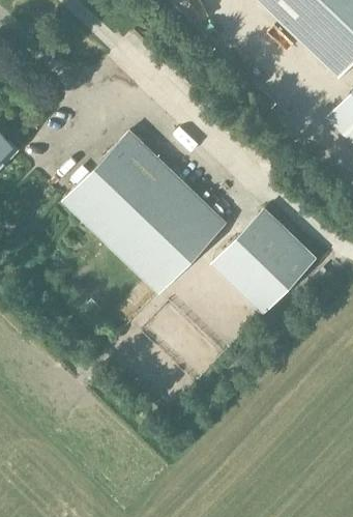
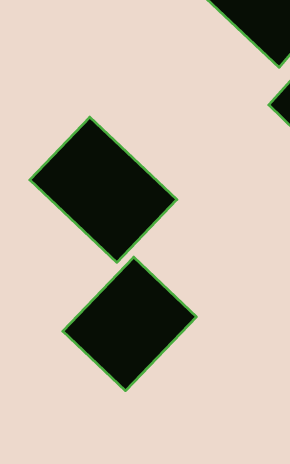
building: [213,209,317,313] -> none
building: none -> [63,257,196,391]

